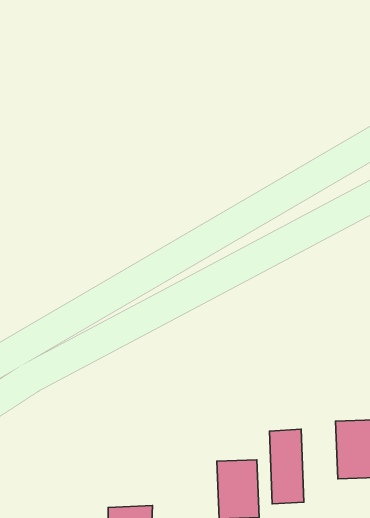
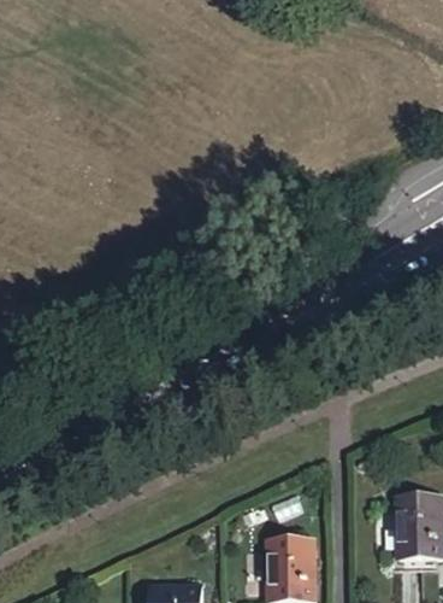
building: [269,429,304,504] -> none

